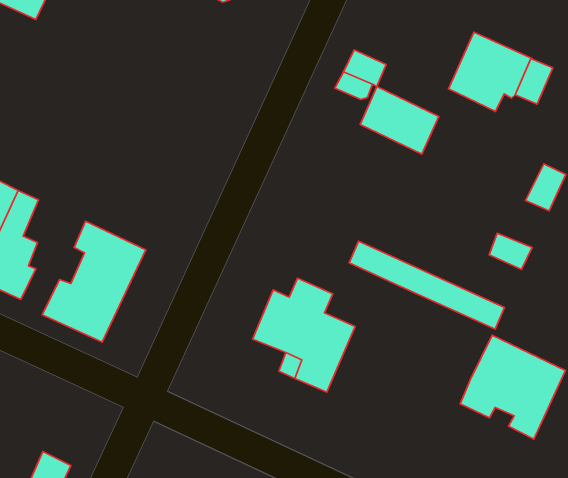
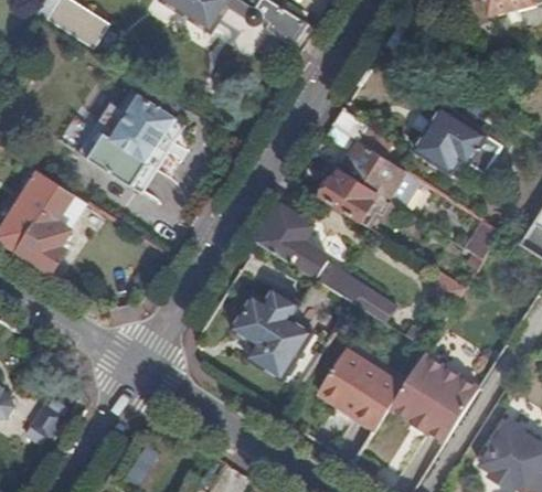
building: none -> [319,169,391,226]
building: none -> [256,205,312,263]
building: [42,221,146,342] -> [84,88,174,188]
building: none -> [317,350,401,428]

